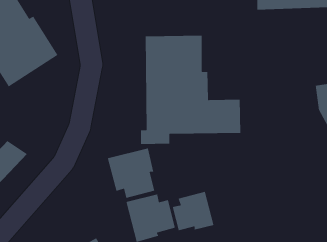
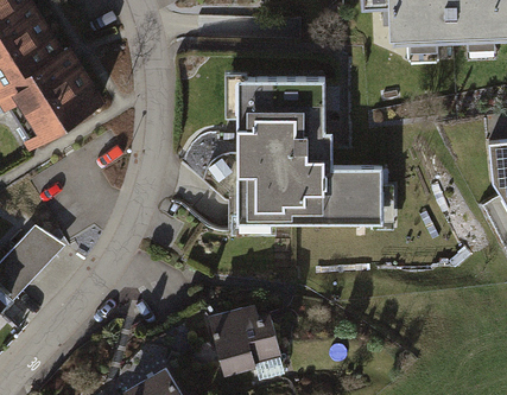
building: [107,147,155,199] -> none
building: [172,191,214,231] -> none

